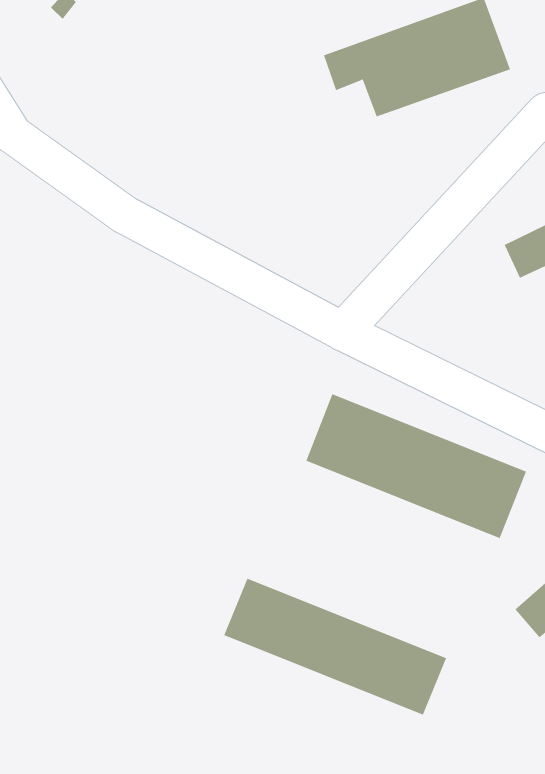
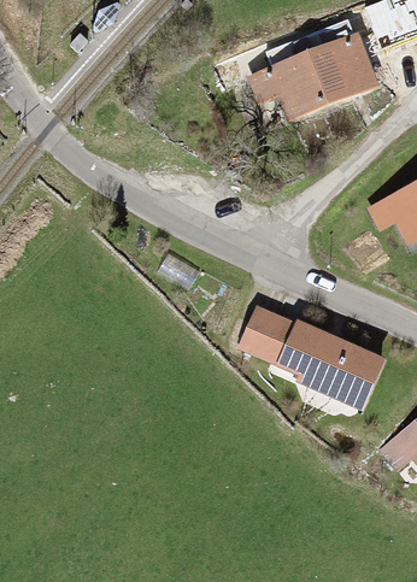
building: [224,578,447,715] -> none

